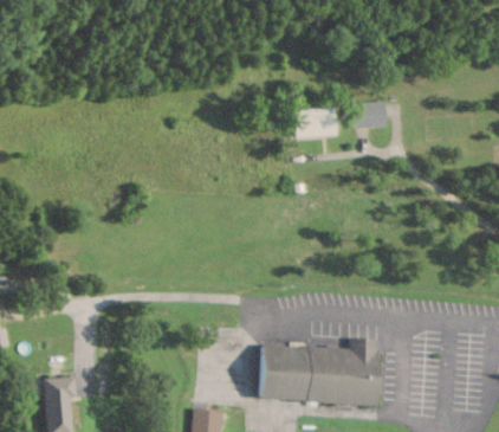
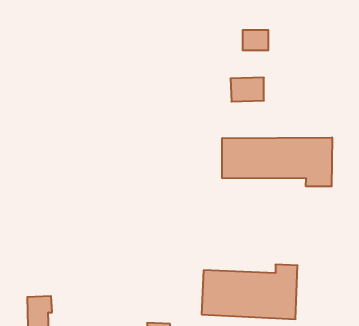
building: [355,102,387,127] -> [243,30,268,50]
building: none -> [222,137,332,186]

